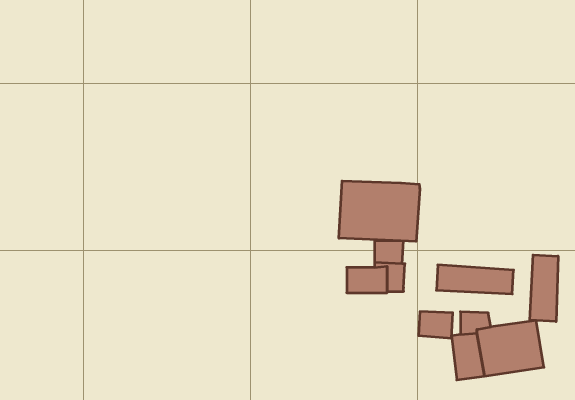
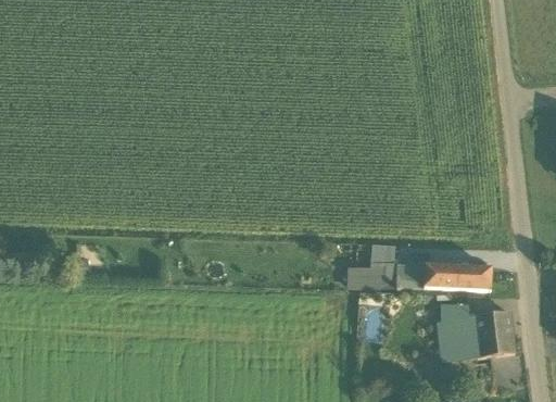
building: [339,181,420,241] -> none
building: [530,255,558,322] -> none
building: [419,312,453,338] -> [394,262,424,285]

